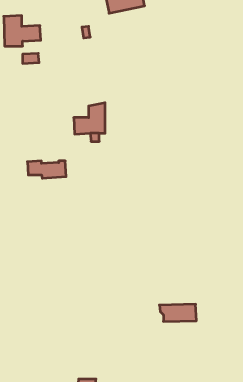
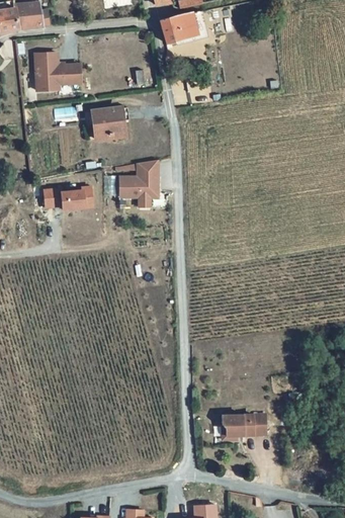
building: none -> [89,107,125,137]
building: [27,161,66,178] -> [40,187,88,208]

